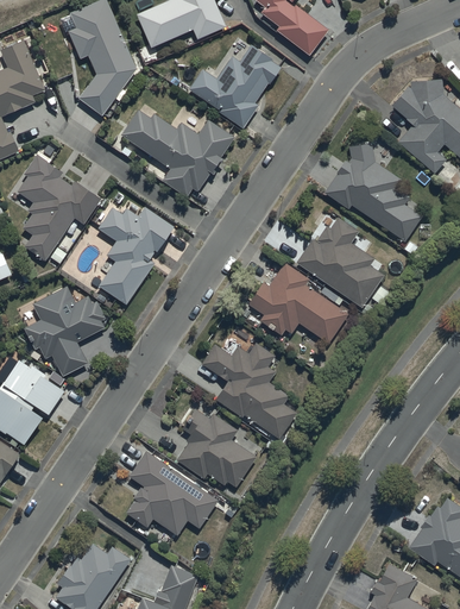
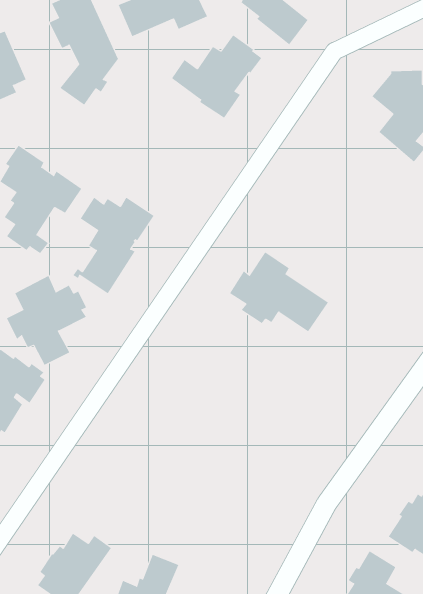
building: [122,109,235,196] -> none
building: [309,142,422,241] -> none
building: [296,216,389,307] -> none
building: [202,343,297,438] -> none
building: [177,408,257,486] -> none
building: [126,451,219,535] -> none

